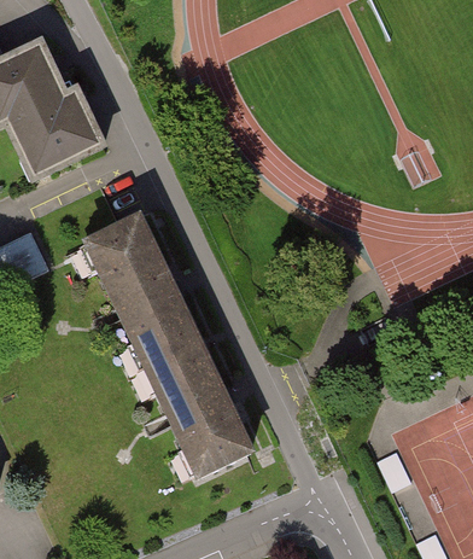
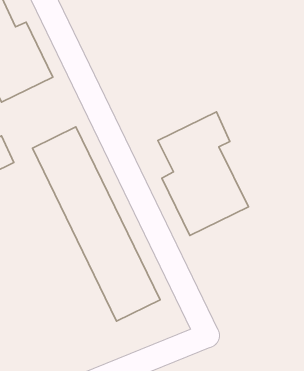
building: none -> [158,112,249,235]

